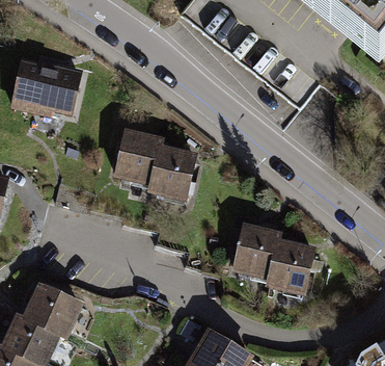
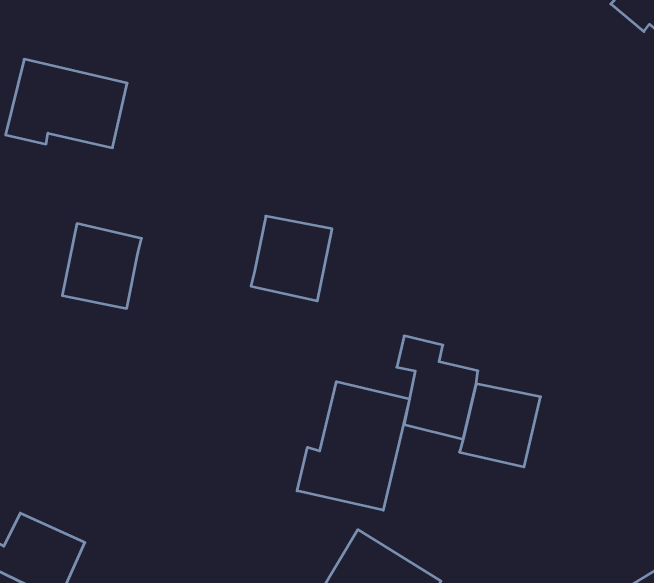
building: [115,134,160,182] -> [62,224,142,308]
building: none -> [297,382,409,510]
building: [20,287,78,338] -> none

